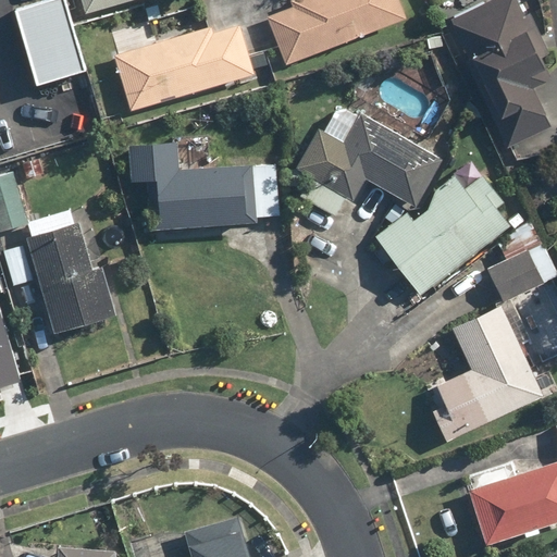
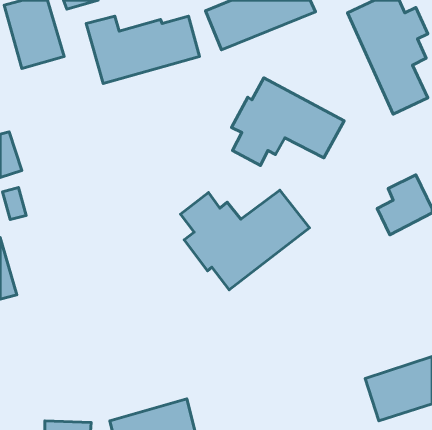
building: [131,141,276,227] -> none
building: [376,174,511,295] -> none
building: [26,220,117,334] -> none
building: none -> [181,190,309,290]
building: [425,302,542,440] -> none

